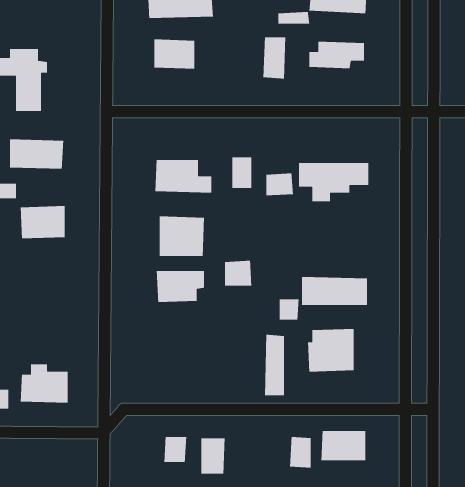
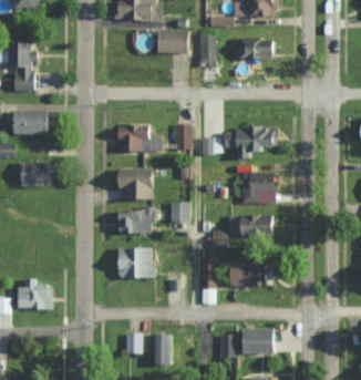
building: [154,39,195,70] -> [157,30,188,53]
building: none -> [241,172,277,204]
building: none -> [118,248,154,278]

